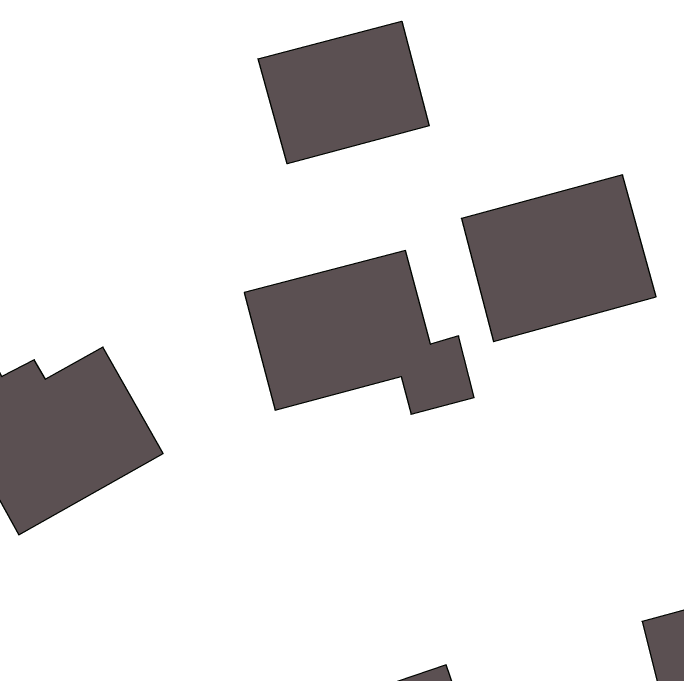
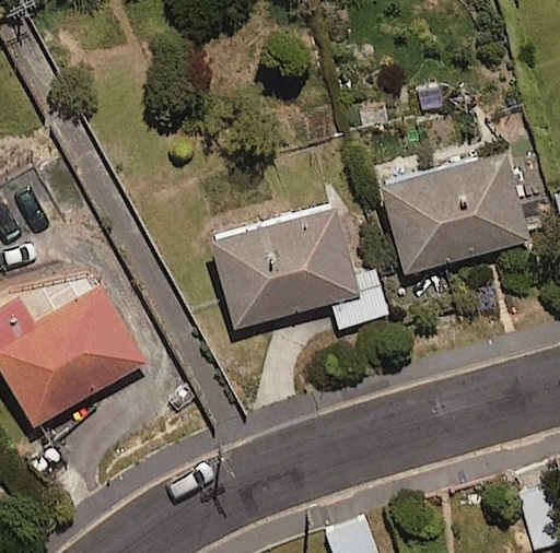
building: [258,21,429,164] -> none

